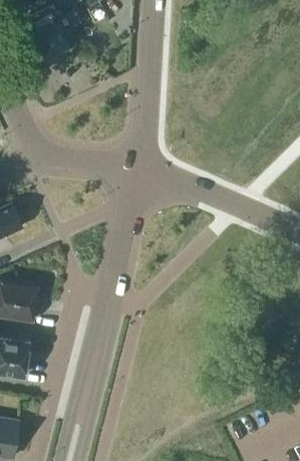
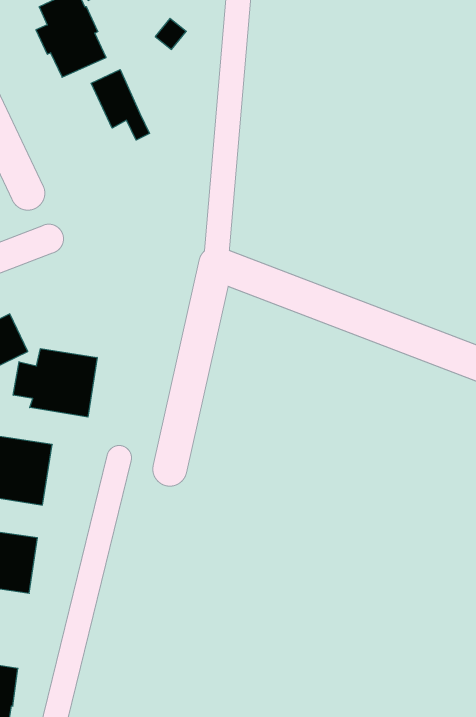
building: none -> [91,70,150,140]
building: none -> [13,349,97,417]

